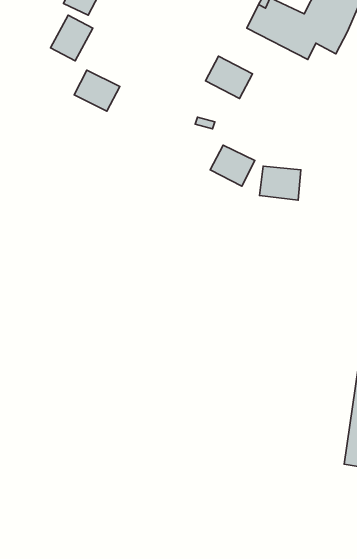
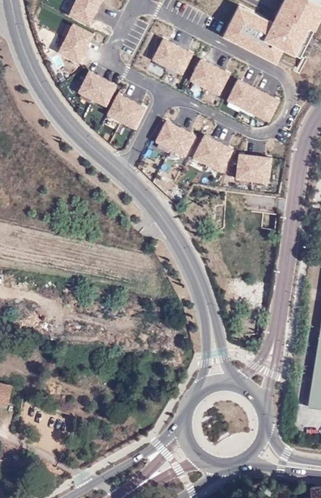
building: none -> [151,39,191,74]
building: none -> [227,79,278,120]
building: none -> [106,94,144,129]
building: none -> [155,121,195,156]

